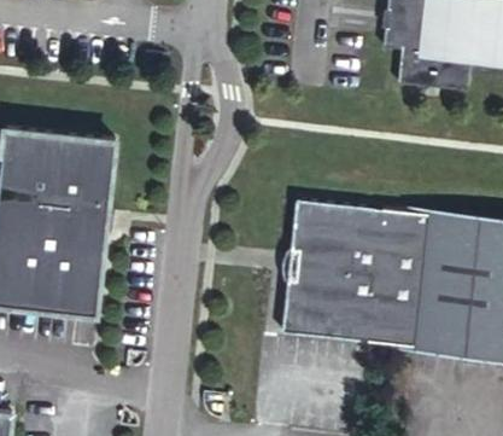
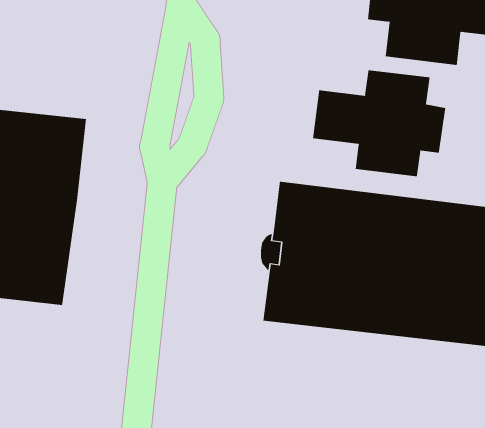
building: none -> [313,69,446,177]

